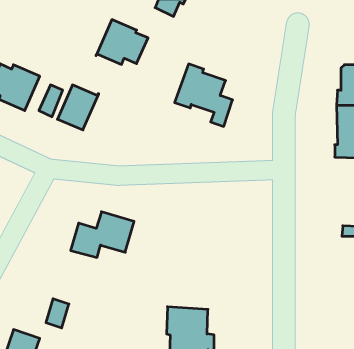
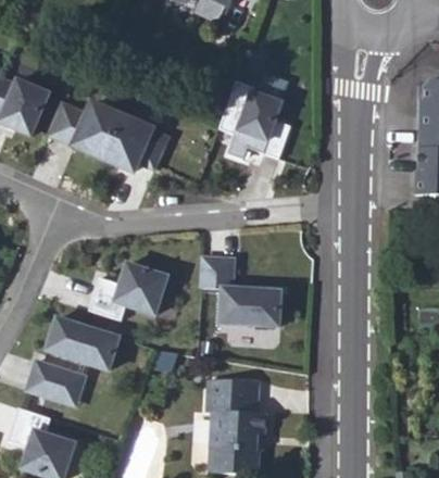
building: [96,20,148,64] -> [103,116,167,172]
building: none -> [201,257,286,327]
building: none -> [48,317,120,368]
building: none -> [28,361,66,399]

